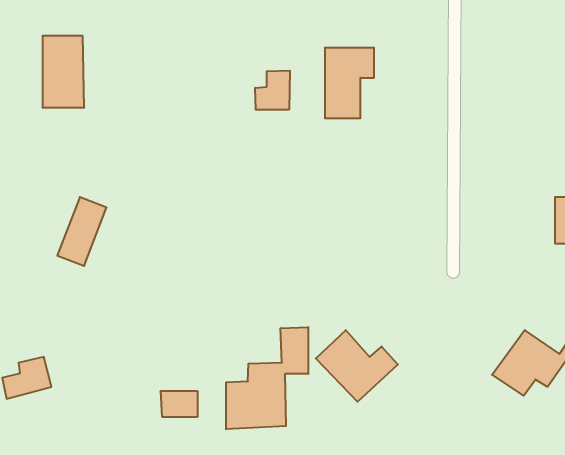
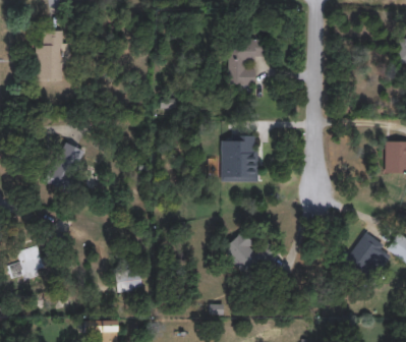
building: [255,71,290,110] -> none
building: none -> [221,134,259,182]
building: [226,327,308,429] -> none

